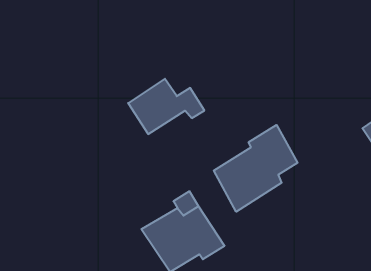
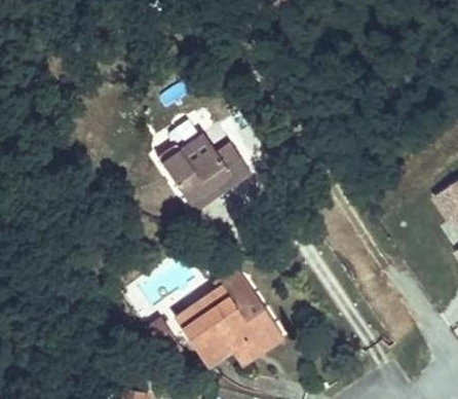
building: [214,125,298,212] -> none

